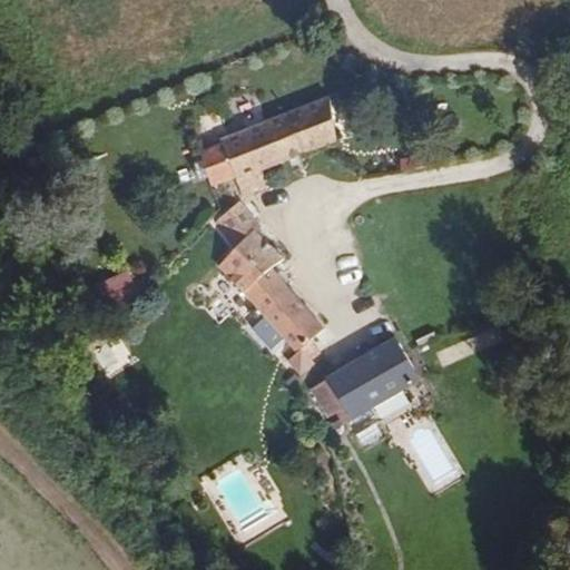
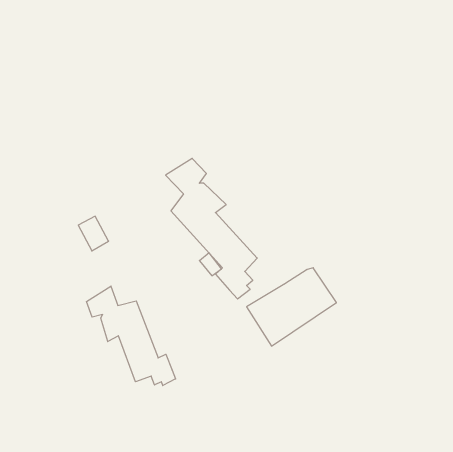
building: [198,94,346,191] -> none
building: none -> [86,286,176,386]

